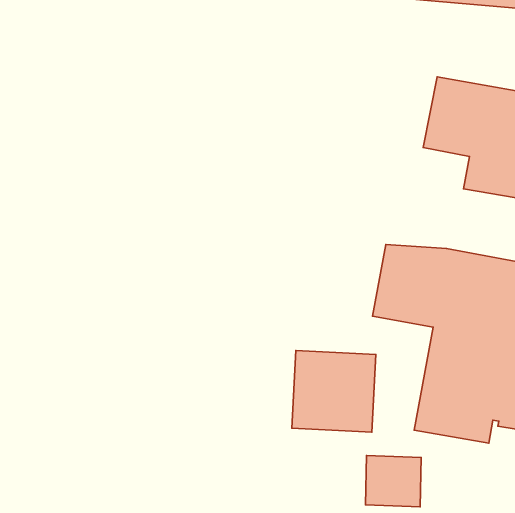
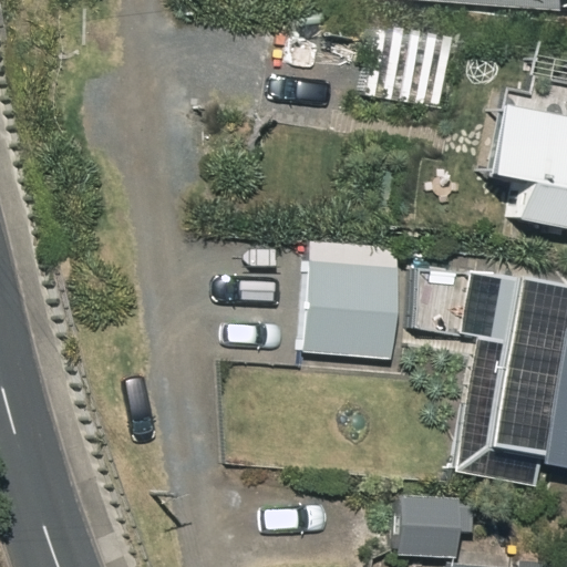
building: [292,350,376,432] -> [306,266,398,355]

